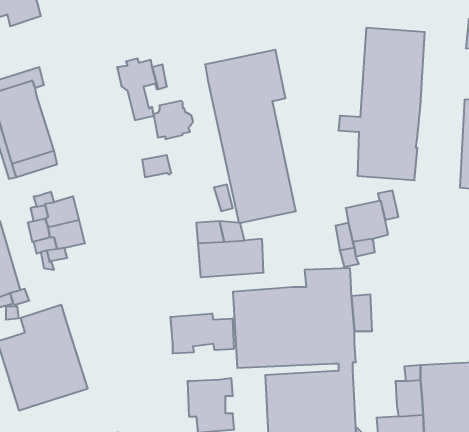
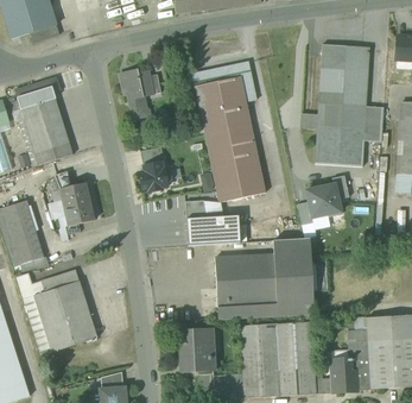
building: [153,101,193,139] -> [139,160,171,191]
building: none -> [363,106,384,141]
building: [170,313,234,354] -> none

